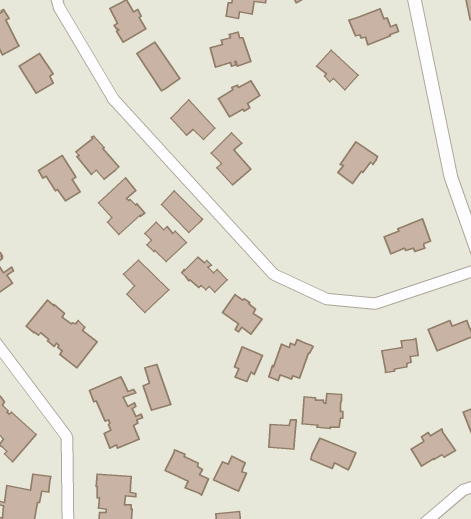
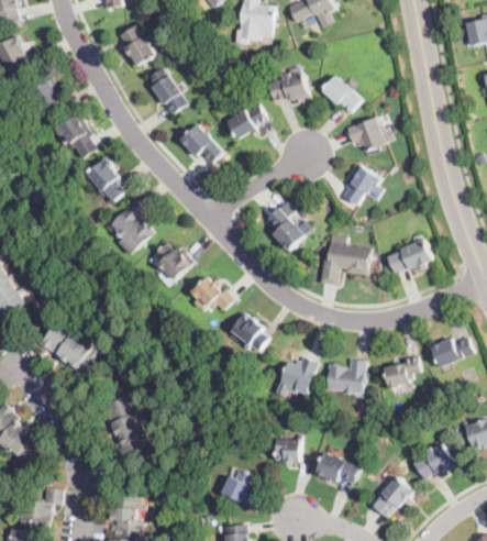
building: [349,9,398,45] -> [345,117,394,152]
building: [210,32,251,67] -> [269,67,309,101]
building: [211,133,251,185] -> [266,200,305,251]
building: [38,156,80,201] -> [56,113,97,157]
building: [161,191,203,233] -> none
building: none -> [319,234,370,284]
building: [124,260,169,312] -> none
building: [235,347,263,381] -> none
building: [143,365,171,410] -> none
building: [302,393,343,428] -> [325,360,365,394]
building: [165,450,209,495] -> none
building: none -> [373,476,414,517]

